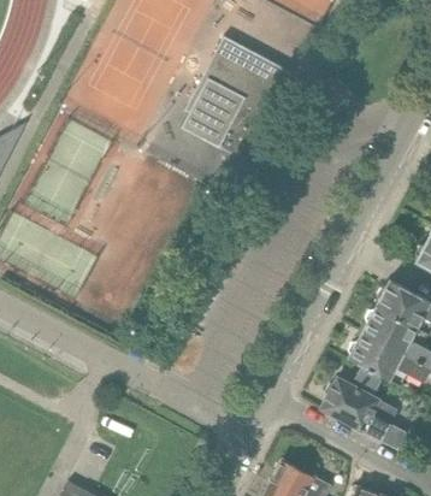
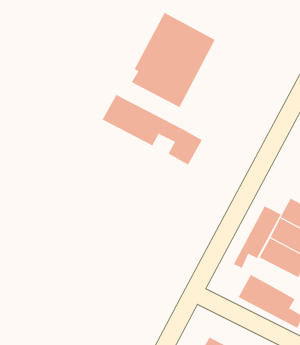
building: none -> [102,94,202,165]
building: none -> [233,205,282,269]

